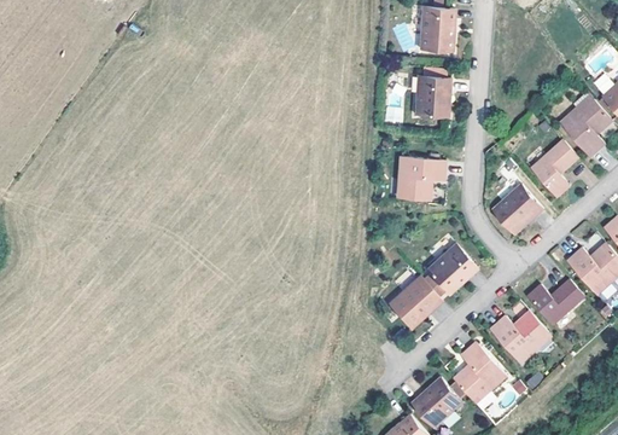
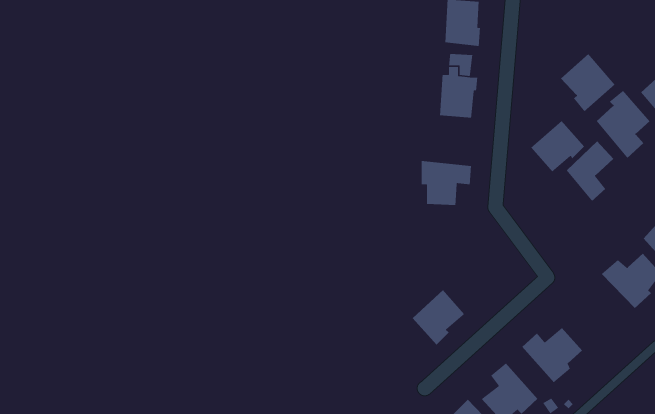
building: none -> [560,53,616,112]
building: [492,182,543,231] -> [530,120,585,172]
building: [427,244,477,291] -> none
building: [527,280,584,325] -> none

